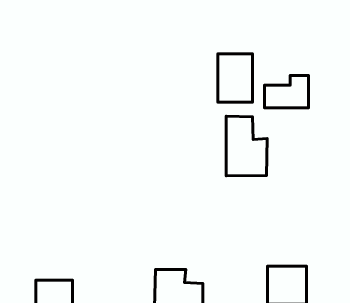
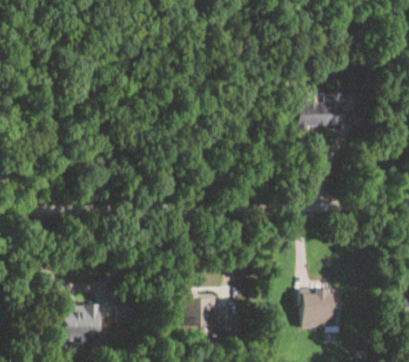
building: [218,54,252,102] -> none
building: [226,116,267,176] -> none

